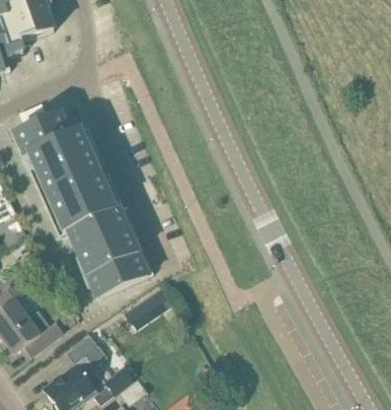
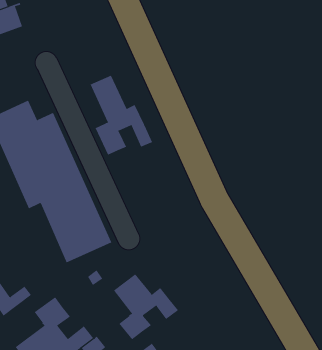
building: none -> [90,75,153,155]
building: none -> [113,273,179,340]

